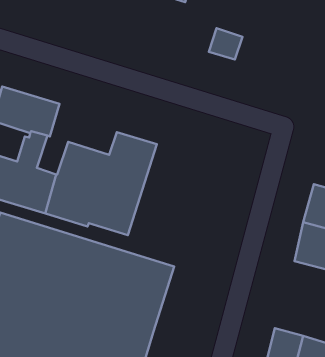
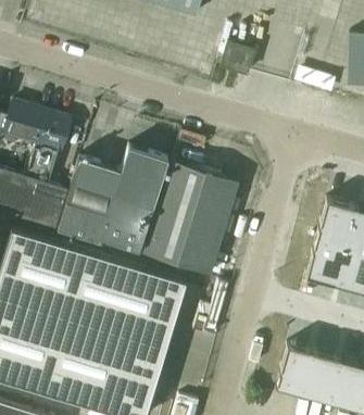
building: none -> [143,163,239,276]

